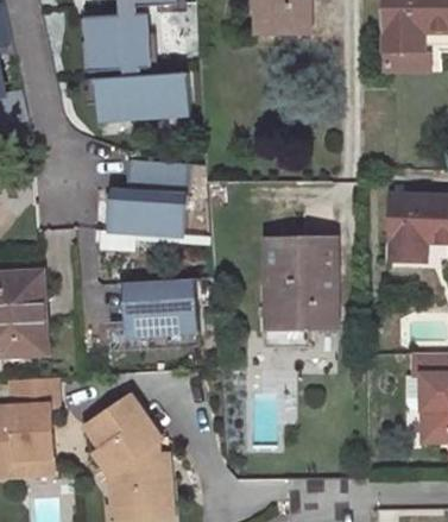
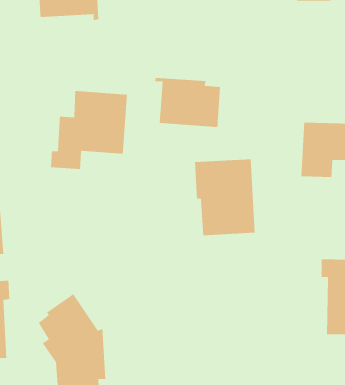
building: [83,75,188,122] -> none
building: none -> [154,77,221,128]
building: [108,277,197,348] -> none

